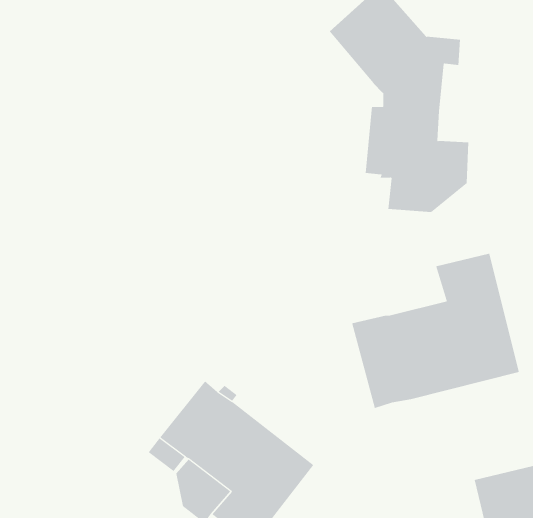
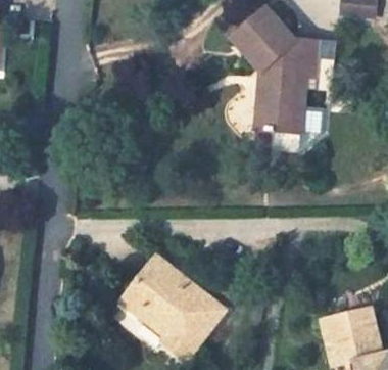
building: none -> [302,43,328,89]
building: [352,253,519,409] -> none

